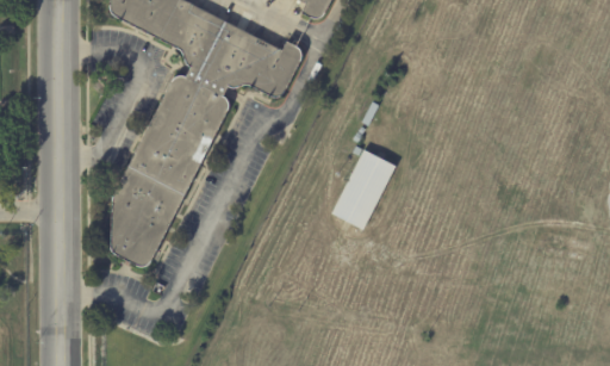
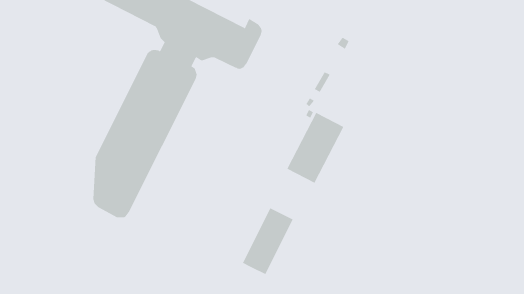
building: none -> [242,207,294,275]

